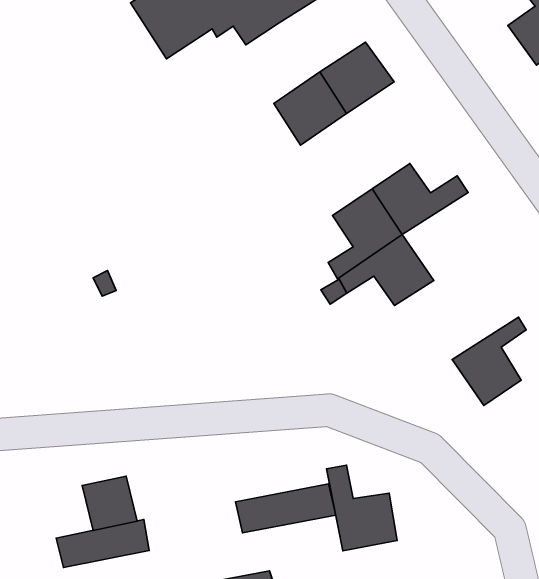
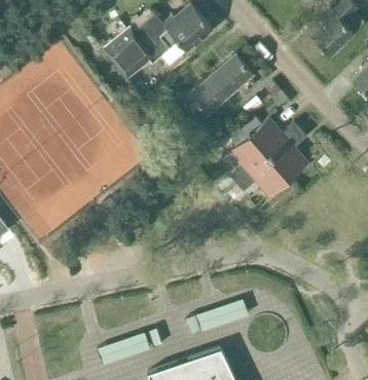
building: [452,317,526,405] -> [267,129,306,180]
building: [326,465,397,551] -> none
building: [82,476,137,530] -> none

